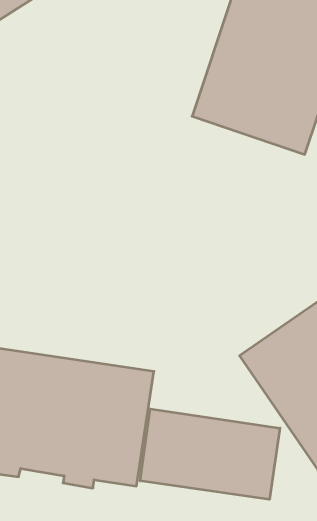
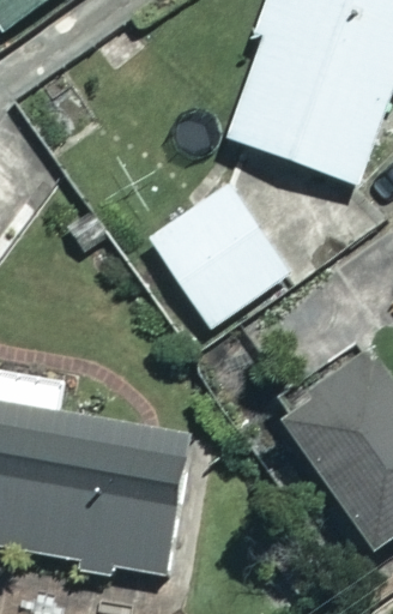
building: none -> [137,181,296,344]
building: [140,409,280,499] -> none

